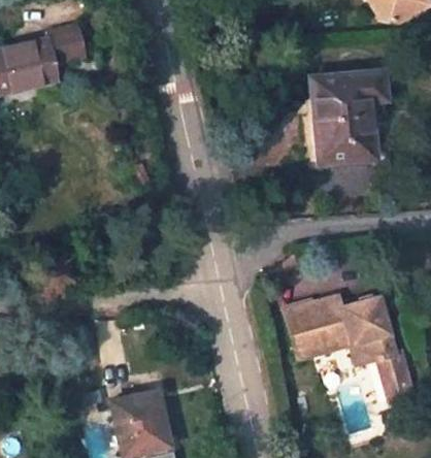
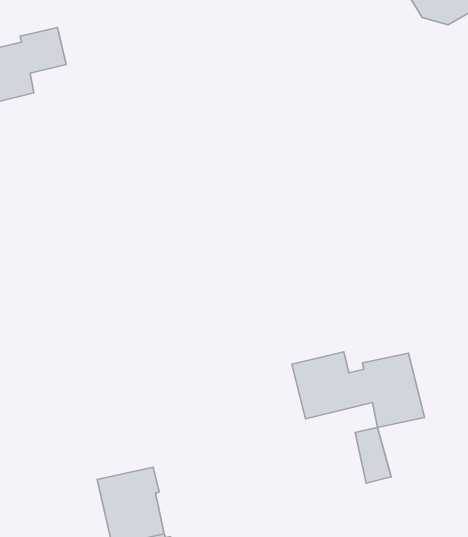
building: [312,72,385,161] -> none
building: [369,348,399,394] -> [355,427,391,483]

